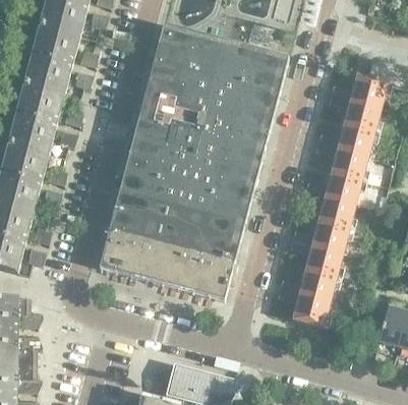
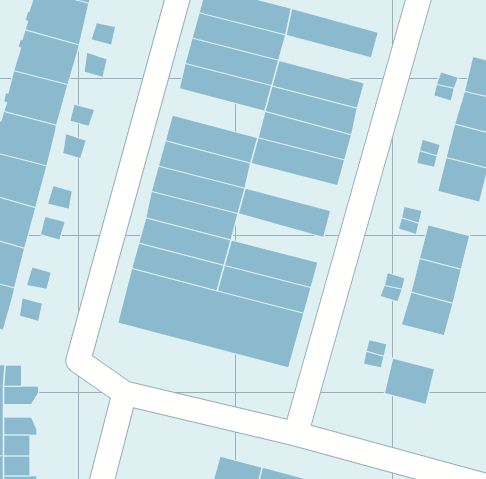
building: [217,58,284,93] -> none
building: [139,97,207,132] -> none
building: [192,151,259,185] -> none
building: [325,171,362,204] -> none
building: [182,187,249,223] -> none
building: [299,268,337,300] -> none

